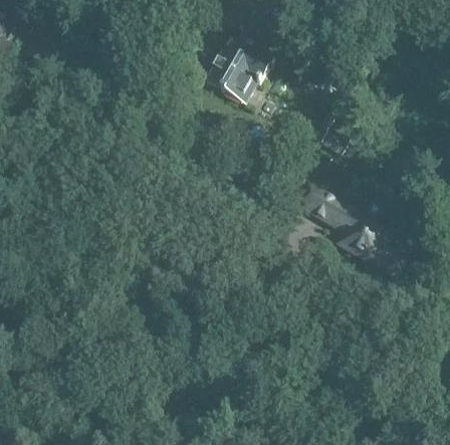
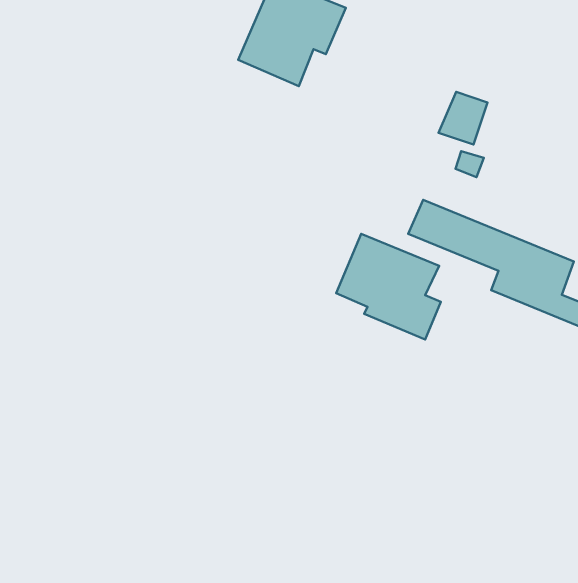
building: none -> [336,234,441,340]

